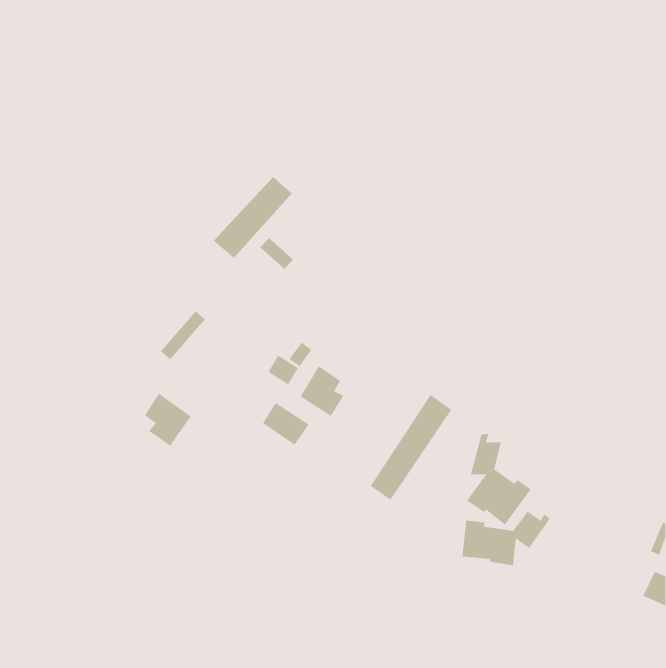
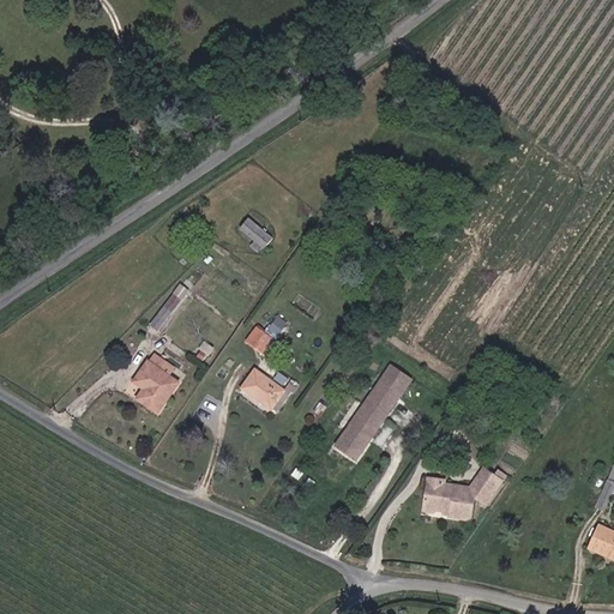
building: [213,176,292,259] -> none
building: [300,366,344,417] -> none
building: [466,433,532,526] -> none

